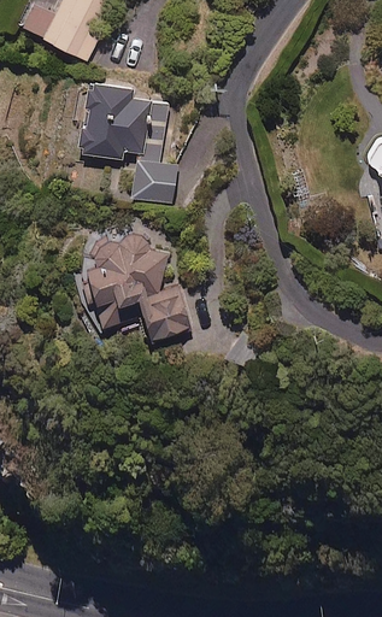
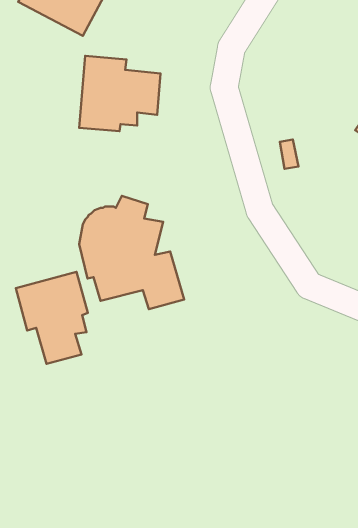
building: [133,161,178,205] -> none
building: none -> [16,272,88,364]

